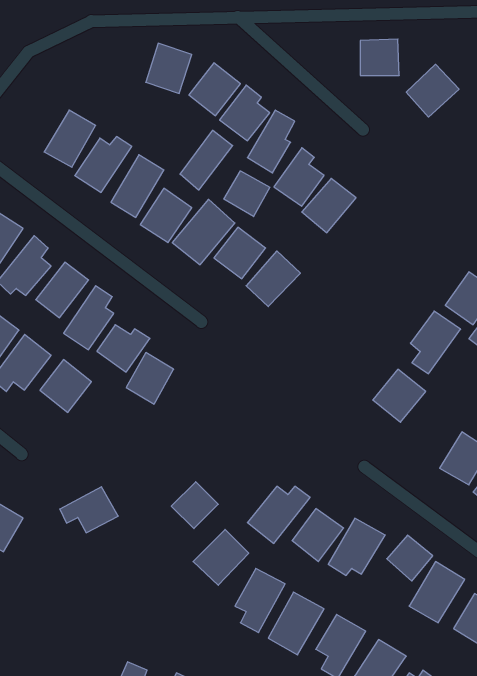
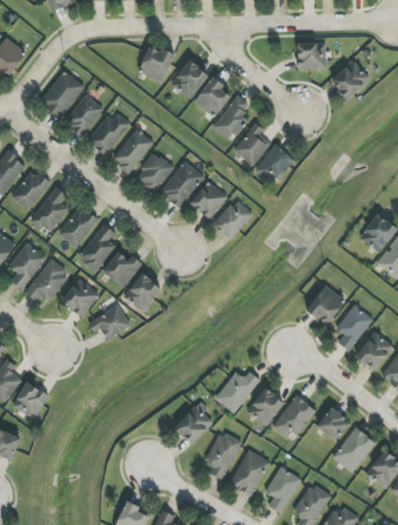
building: none -> [39,70,84,119]
building: [180,130,233,190] -> none
building: [224,171,270,217] -> none
building: [410,311,461,374] -> [336,305,373,351]
building: [171,482,218,529] -> none
building: [60,487,118,533] -> [88,306,131,339]

